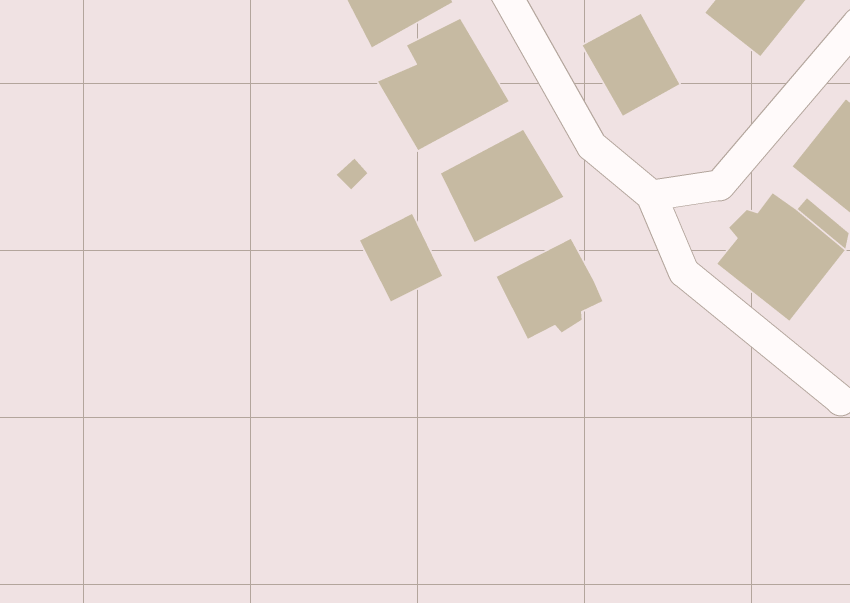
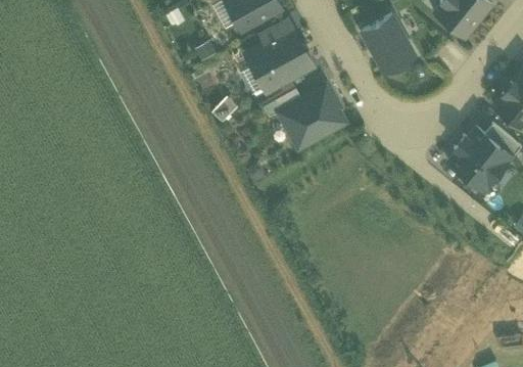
building: [359,213,443,303] -> none
building: [495,238,603,340] -> none

